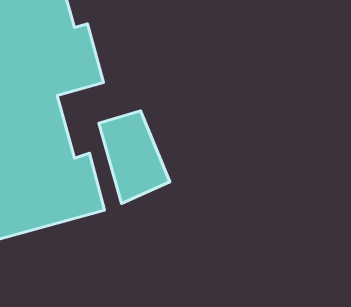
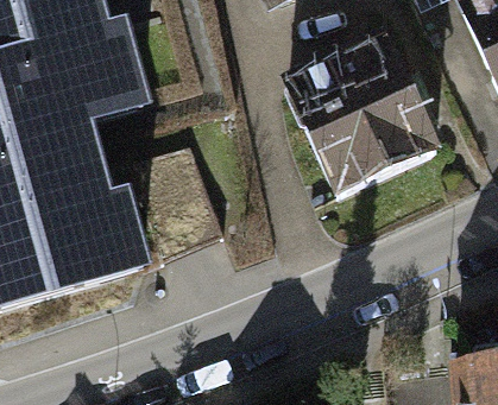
building: none -> [289,42,436,195]

